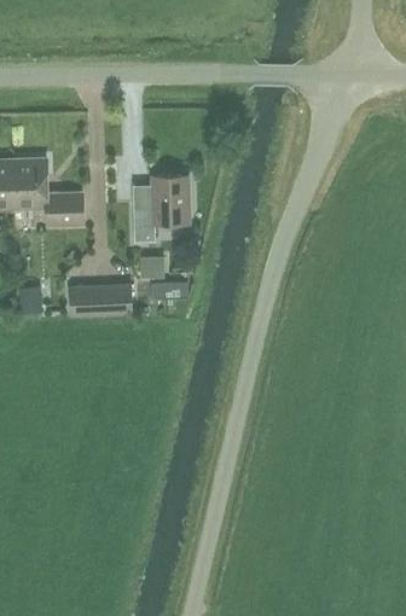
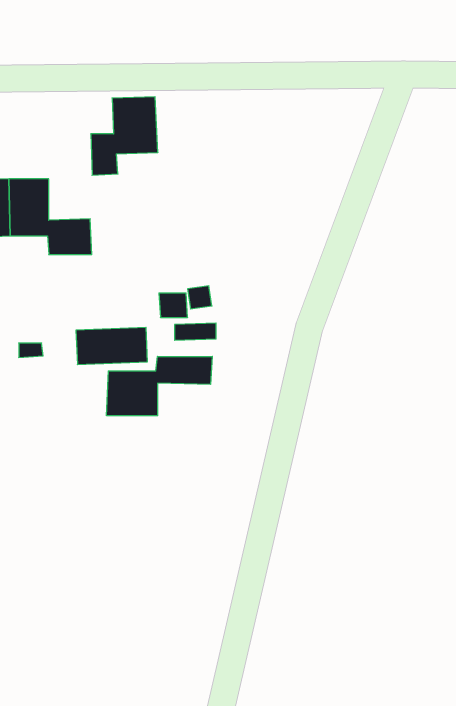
building: [133,173,190,239] -> [91,97,158,175]
building: none -> [107,356,212,416]

